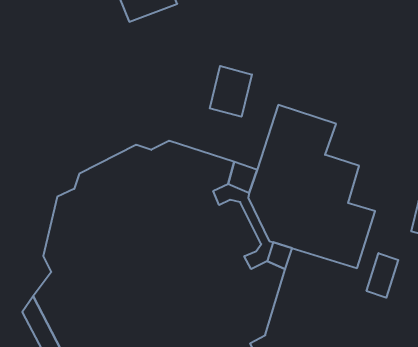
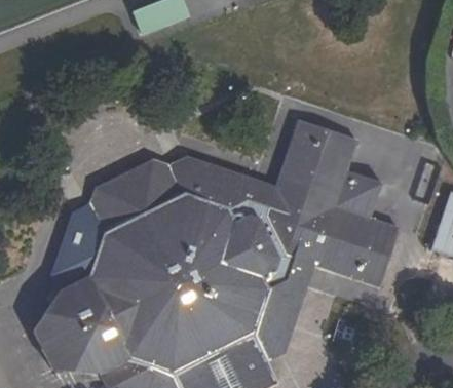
building: [210,66,252,117] -> none
building: [367,253,398,298] -> none

